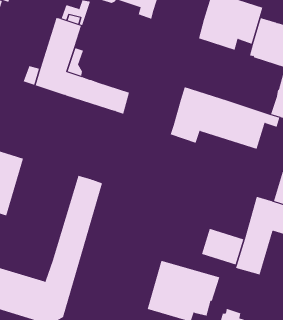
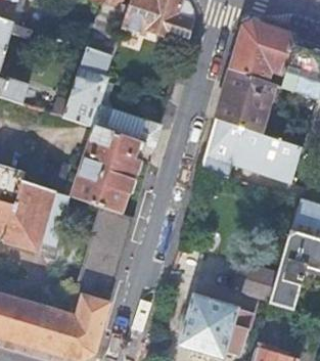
building: none -> [217,67,277,131]
building: none -> [72,126,146,212]

